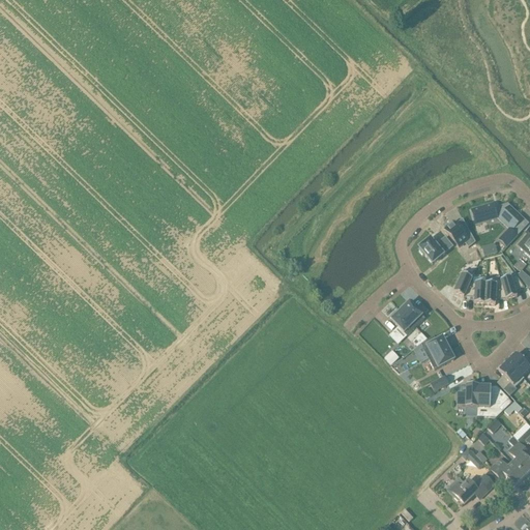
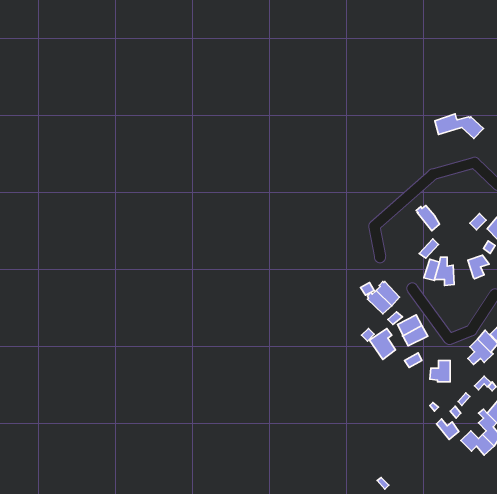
building: [472,201,524,227] -> [435,114,483,138]
building: [418,234,450,259] -> none
building: [482,272,504,302] -> none
building: [479,383,509,406] -> none
building: [448,469,500,503] -> none

